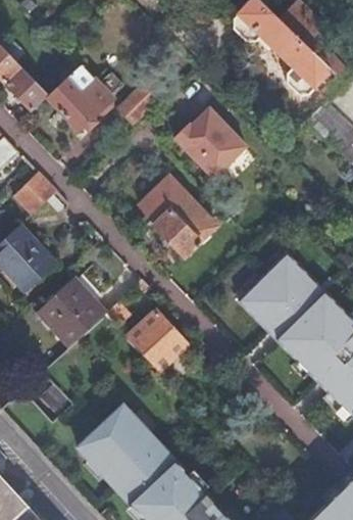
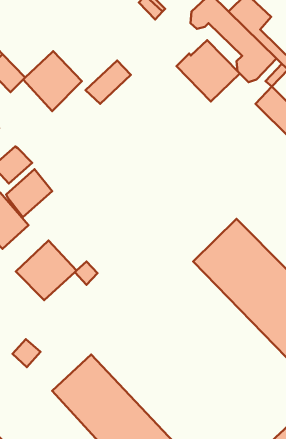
building: [173,108,245,178] -> [176,40,240,102]
building: [139,177,215,257] -> none
building: none -> [6,169,52,217]
building: [127,311,187,372] -> none

